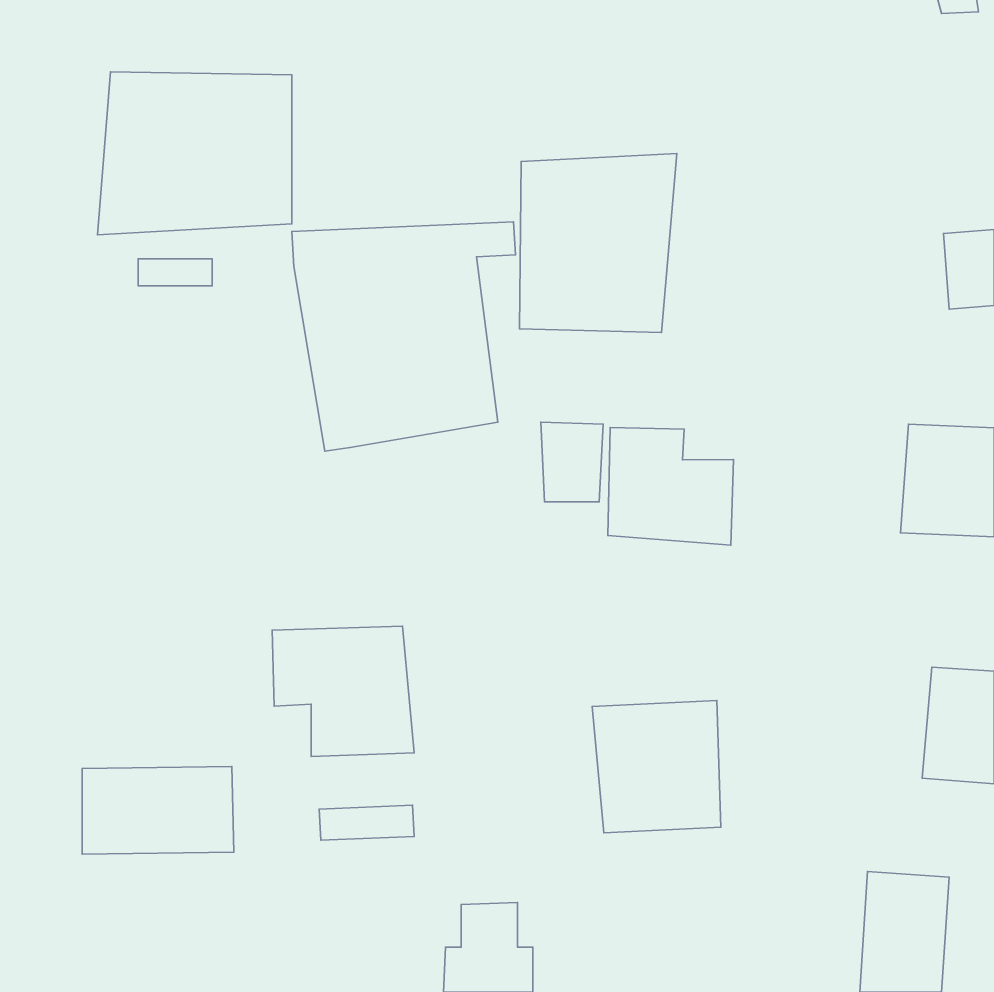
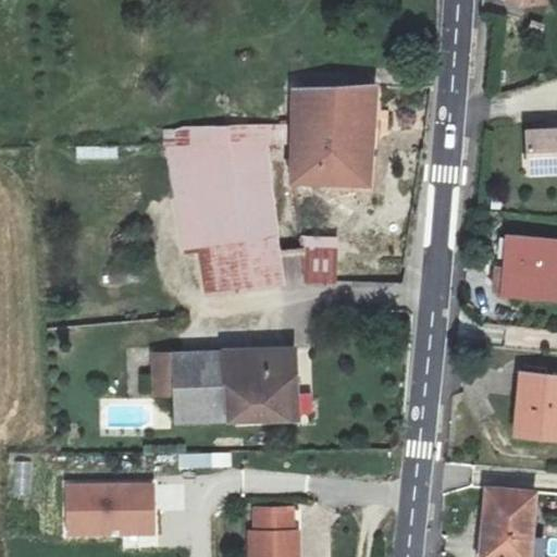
building: [97,72,292,235] -> none
building: none -> [196,236,284,299]
building: [608,427,734,545] -> none
building: [592,701,721,833] -> [225,347,297,421]
building: [82,767,234,854] -> [69,484,153,533]

